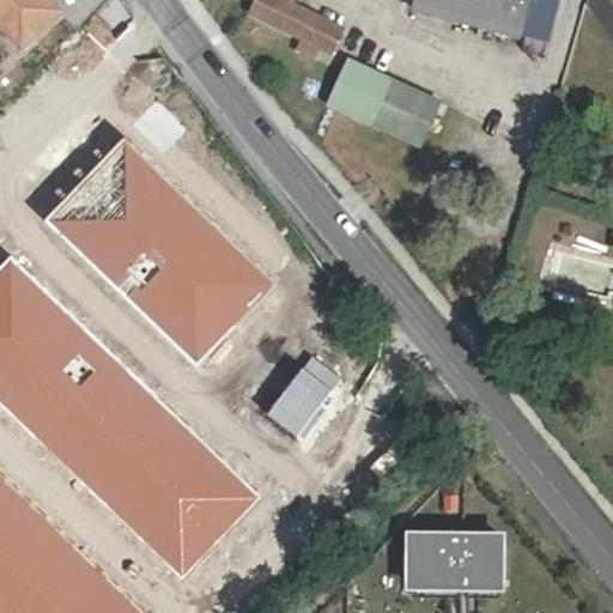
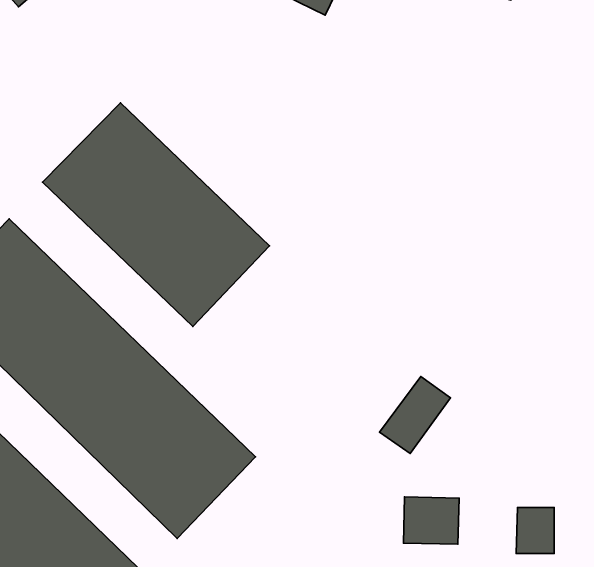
building: [326,56,443,148] -> none
building: [269,358,341,436] -> [379,376,450,453]
building: [463,540,502,587] -> [516,507,554,554]

